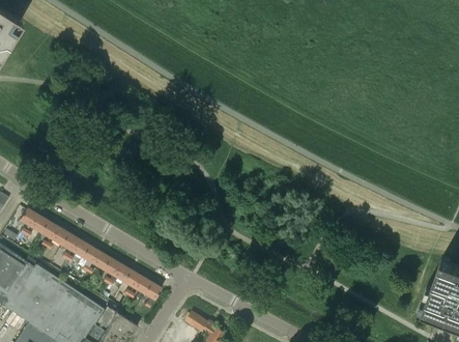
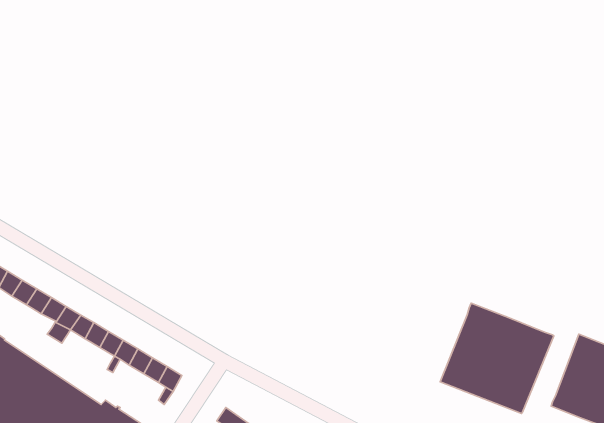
building: none -> [440,303,554,413]

